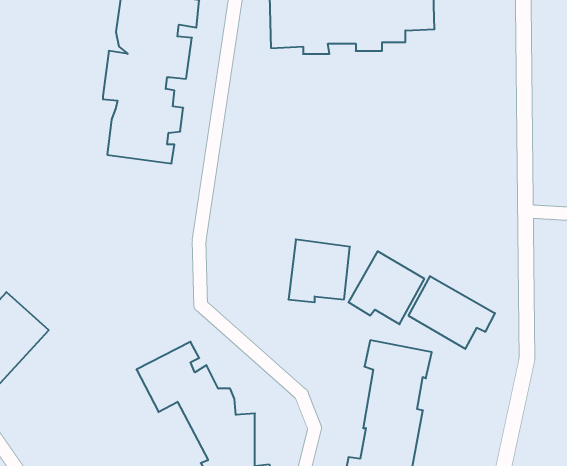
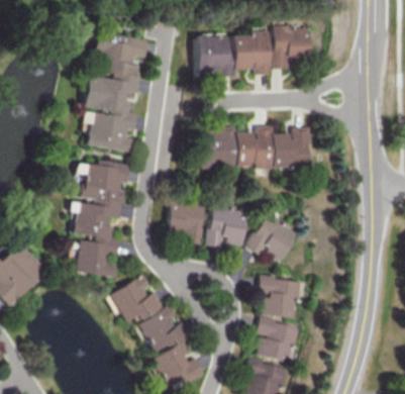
building: none -> [200,125,313,169]
building: none -> [70,160,128,278]
building: none -> [168,201,209,244]
building: [409,276,495,349] -> none

